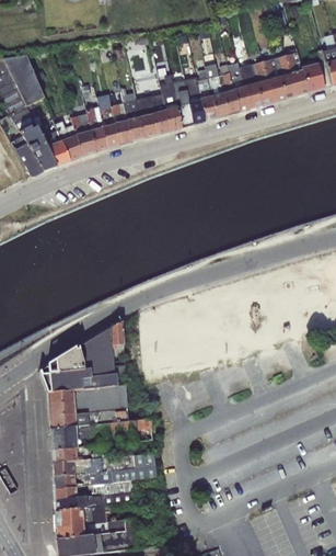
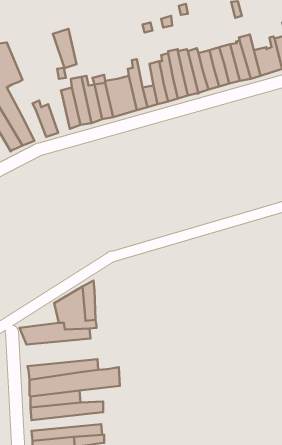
building: [70,112,96,156] -> [53,29,76,68]
building: [43,129,70,164] -> none
building: [39,345,84,373] -> none
building: [48,384,127,416] -> none
building: [54,452,157,488] -> none

